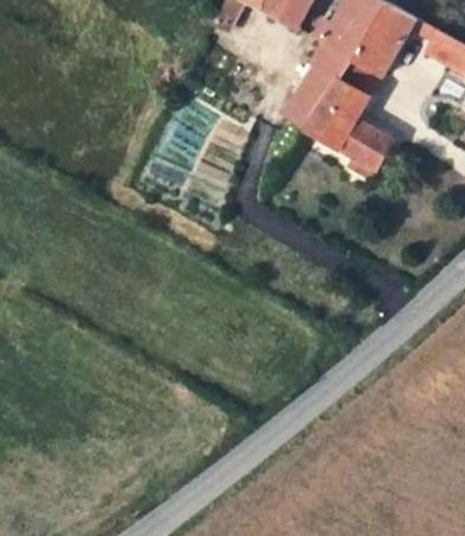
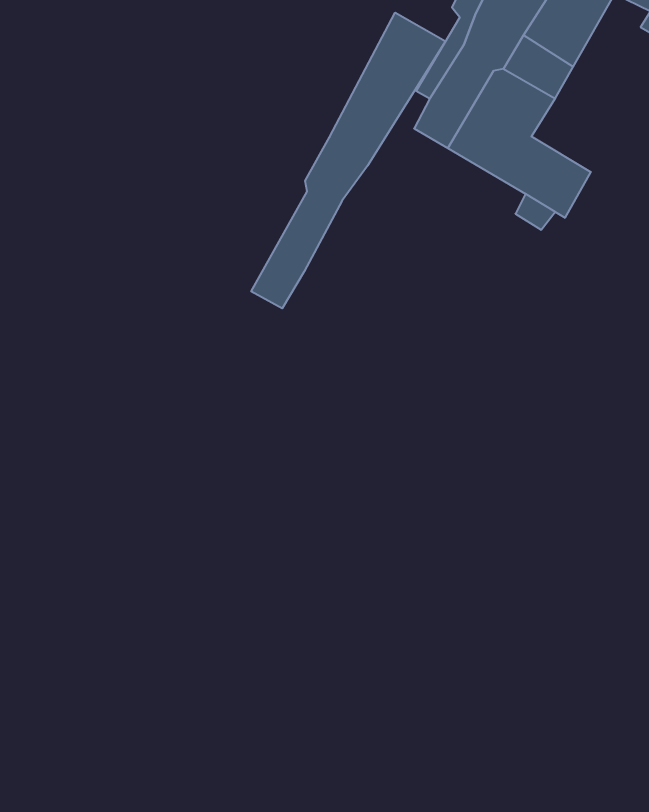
building: none -> [251,13,445,308]

